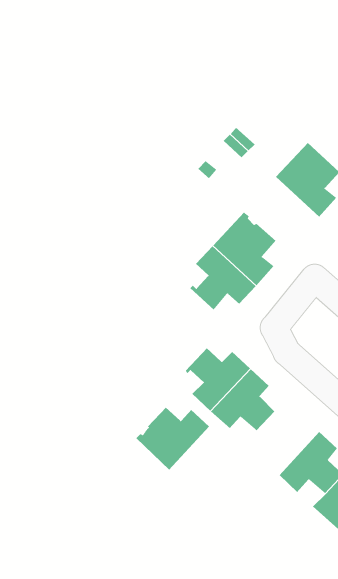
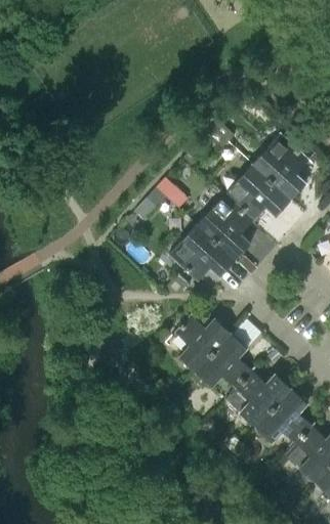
building: none -> [224,165,291,221]
building: none -> [151,175,190,206]
building: [136,407,210,471] -> [225,372,291,428]

